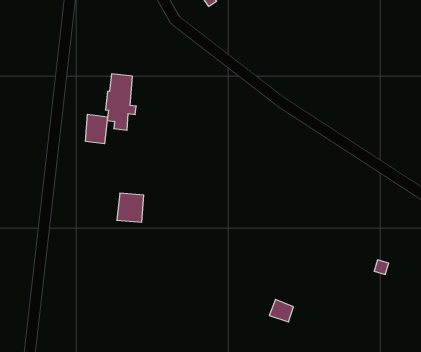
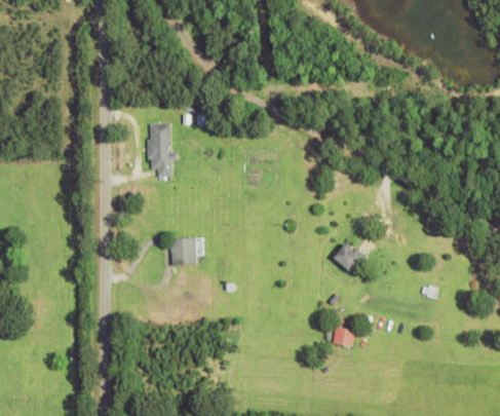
building: [85,114,108,144] -> none
building: none -> [334,243,368,272]

